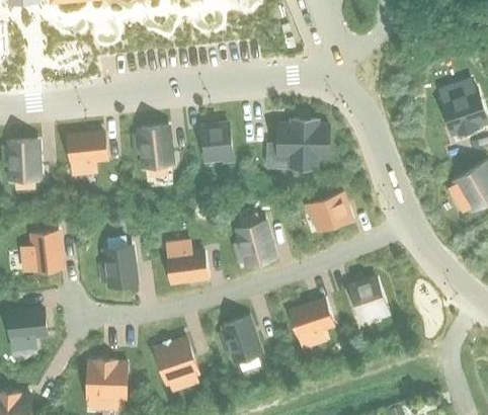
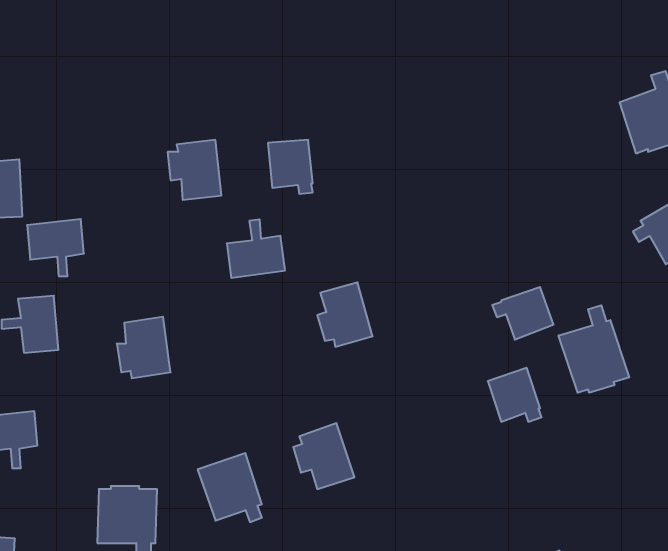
building: [267,119,330,168] -> none
building: [69,134,107,172] -> [27,219,84,276]
building: [307,194,348,230] -> [492,287,554,340]
building: none -> [559,305,629,393]
building: [168,241,208,280] -> [227,219,285,278]
building: [291,301,333,342] -> none

